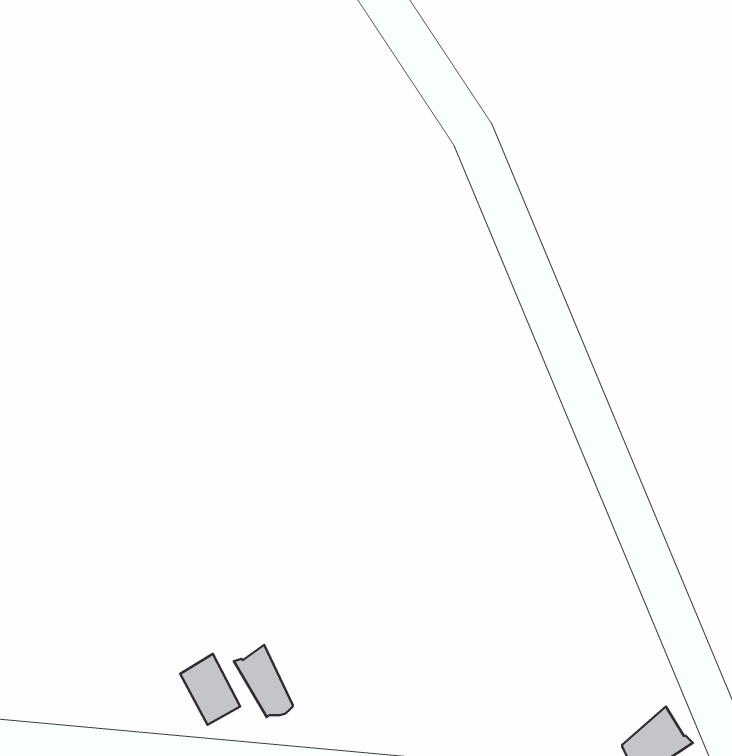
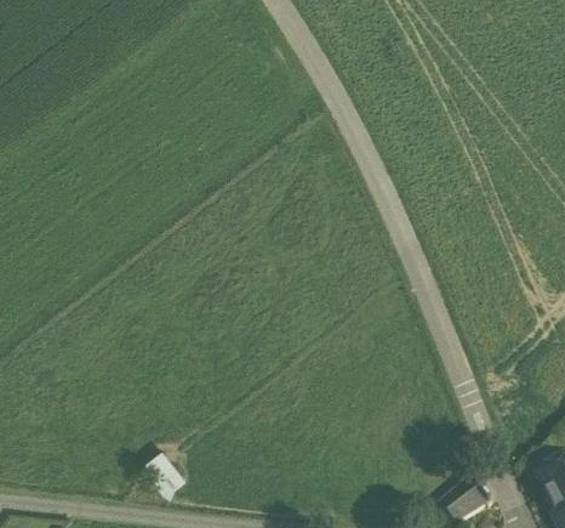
building: [234,645,293,717] -> none

